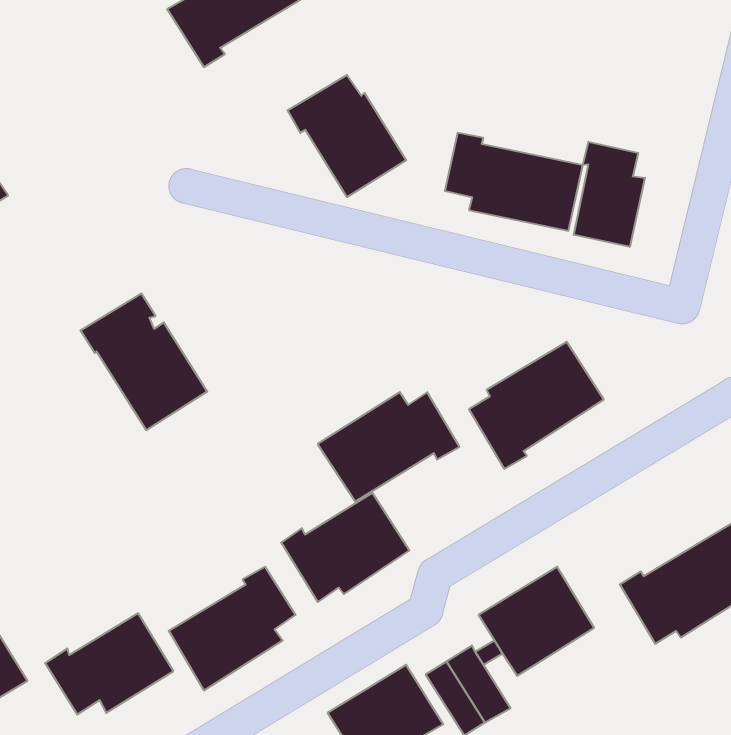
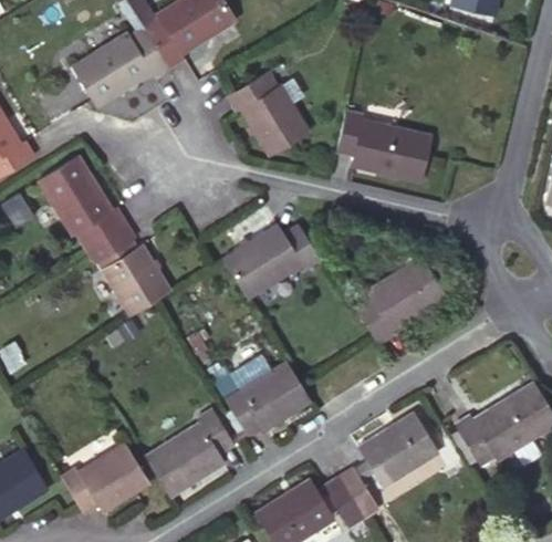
building: none -> [73,28,170,107]
building: [574,142,645,247] -> none
building: none -> [39,157,127,249]
building: [318,392,459,501] -> [222,223,320,299]

